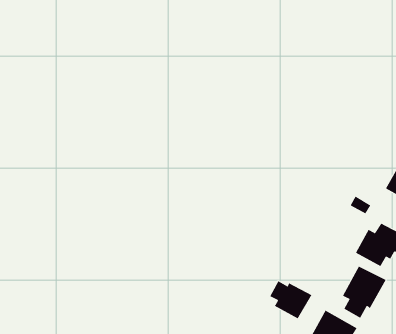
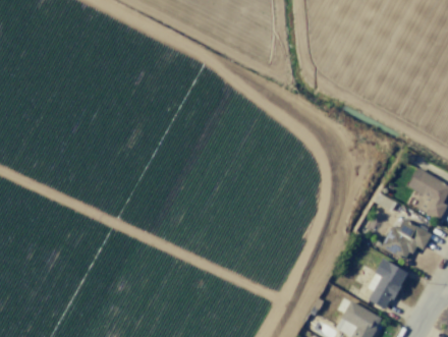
building: [270,281,312,319] -> none

